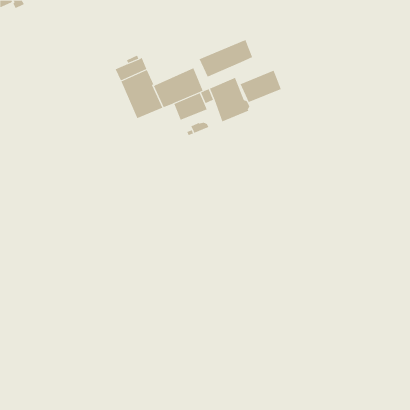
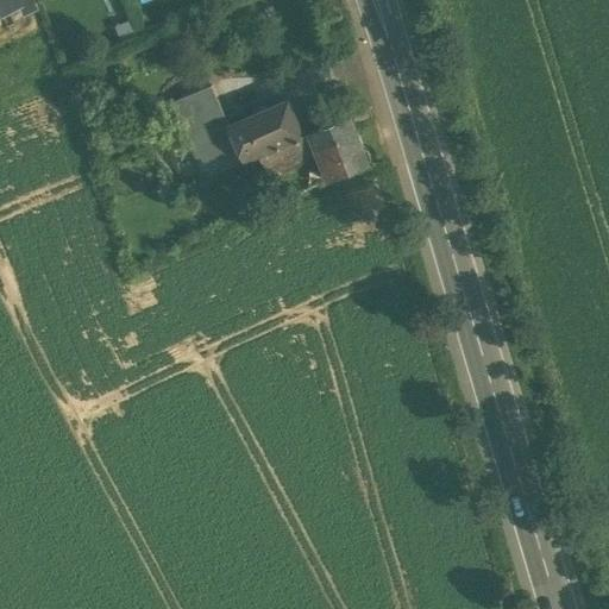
building: [199,39,253,77] -> none
building: [240,70,282,103] -> none

